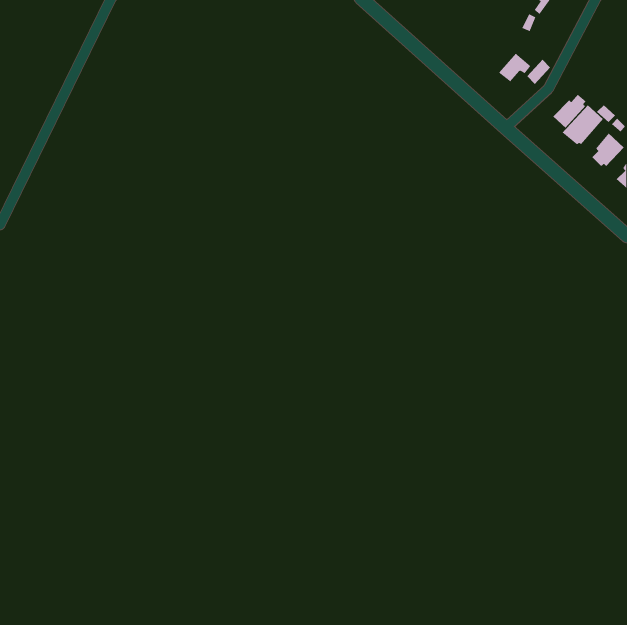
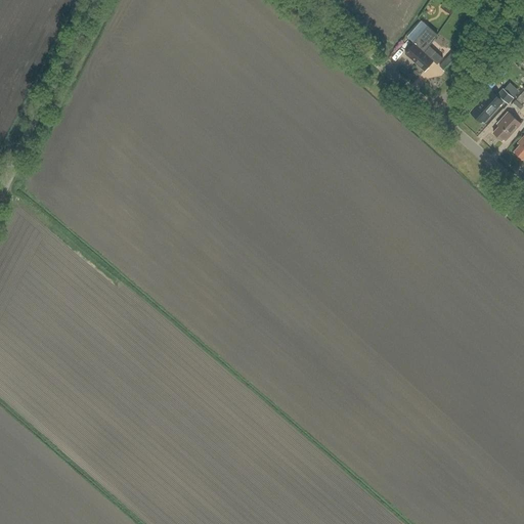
building: none -> [405,24,438,60]
building: [553,94,587,129] -> none

